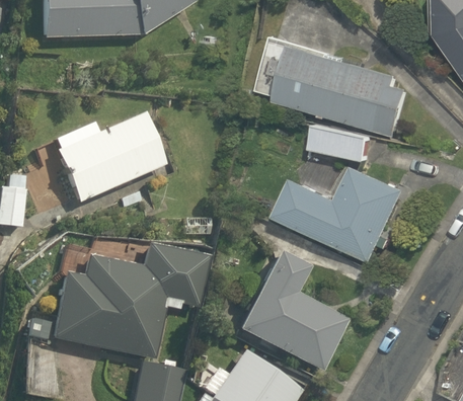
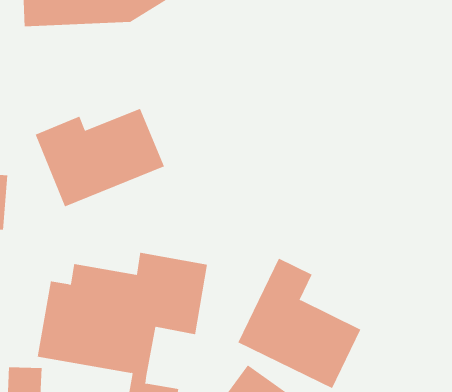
building: [259,39,411,131] -> none
building: [281,123,414,265] -> none

